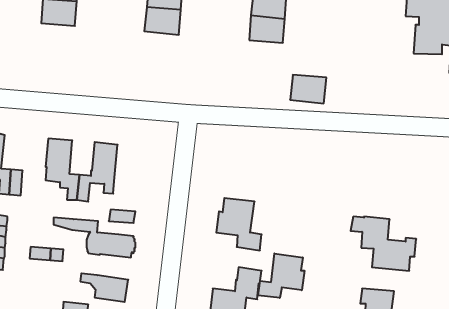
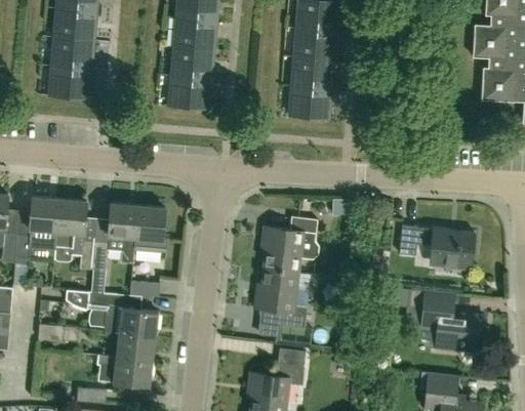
building: none -> [48,66,90,97]
building: none -> [168,75,210,108]
building: [290,75,326,103] -> [288,85,330,118]
building: none -> [30,197,59,232]
building: none -> [135,206,170,251]
building: none -> [259,216,319,272]
building: none -> [398,224,475,264]
building: [258,253,304,298] -> none
building: none -> [116,332,155,362]

